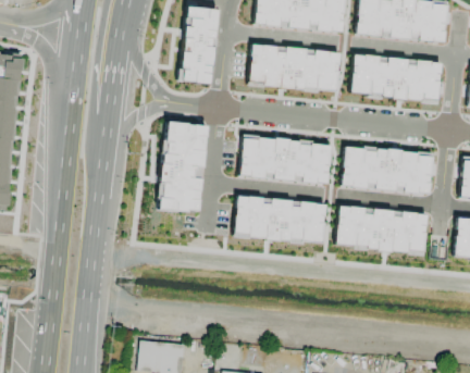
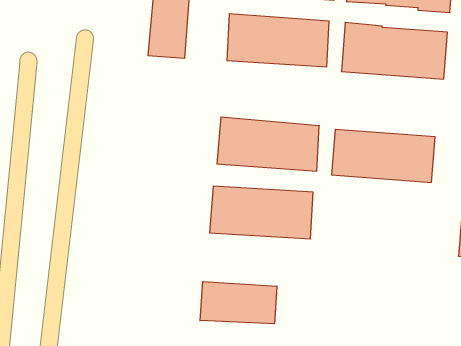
building: [159,122,206,211] -> none
building: [336,206,426,251] -> none
building: none -> [200,282,277,324]

